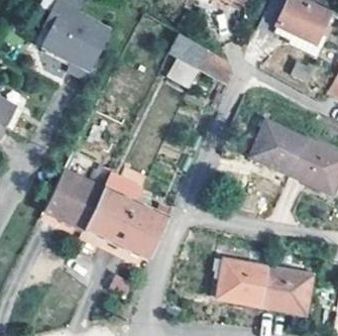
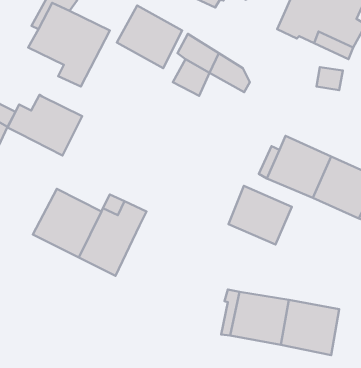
building: none -> [117,6,182,68]
building: none -> [7,95,82,156]
building: none -> [229,186,292,244]
building: [116,200,170,259] -> none

